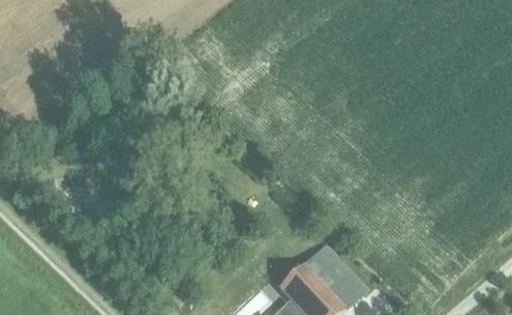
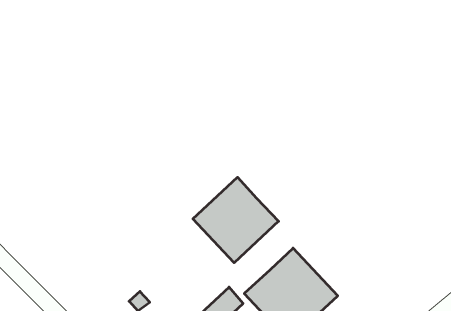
building: none -> [193,177,279,263]

